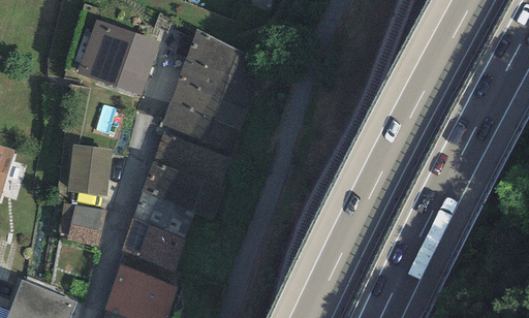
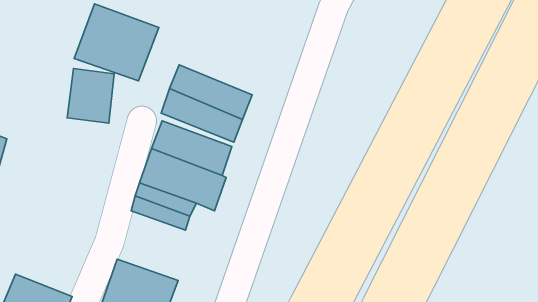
building: [178,28,269,107] -> none
building: [66,144,112,196] -> [67,68,114,123]
building: [57,202,104,246] -> none
building: [119,219,184,269] -> none

